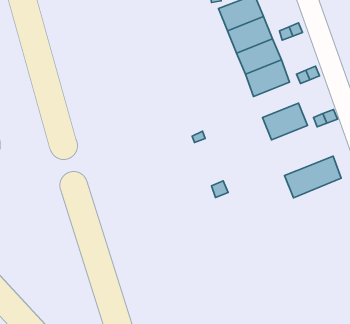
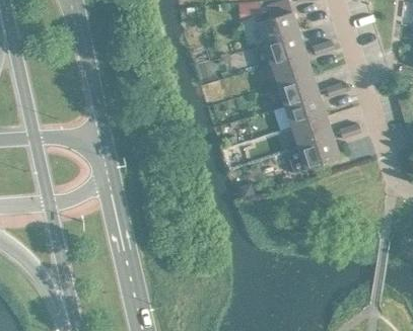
building: none -> [284,95,326,127]
building: [284,156,341,198] -> [286,137,339,173]

